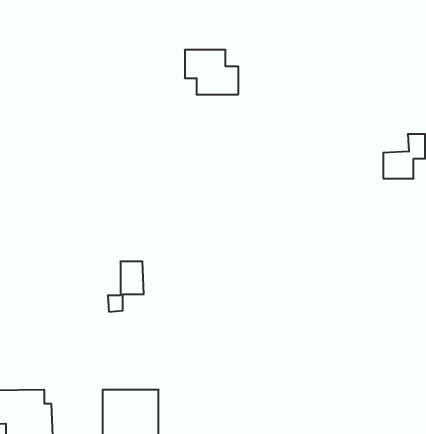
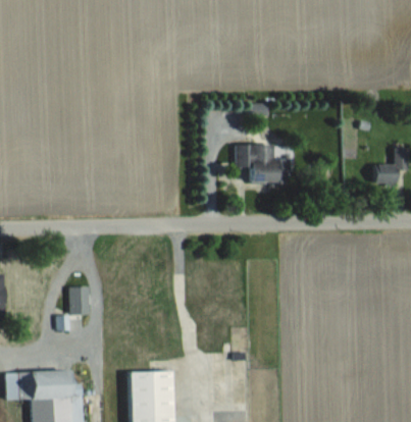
building: [185,50,238,94] -> [236,145,282,183]
building: [108,262,144,312] -> [58,286,90,330]

